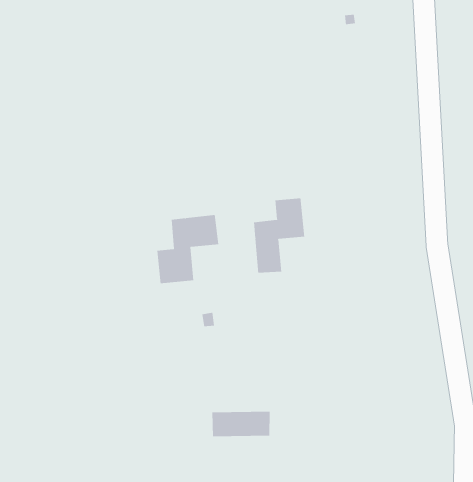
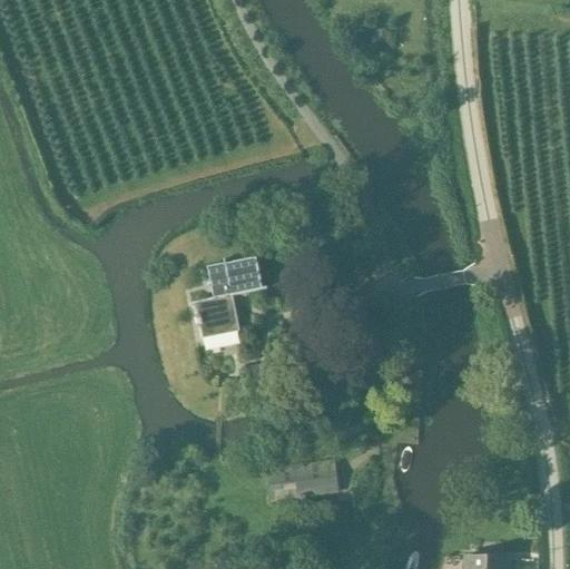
building: [254,197,305,274] -> none

